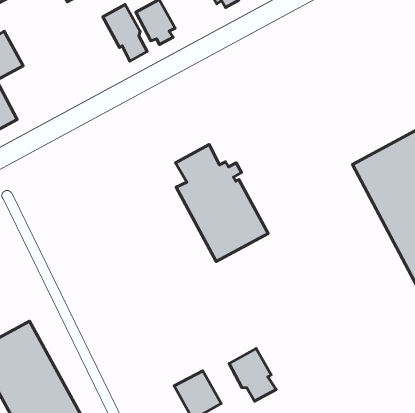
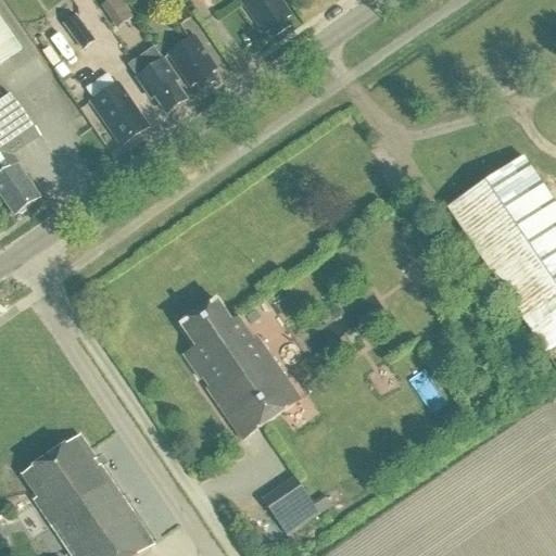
building: none -> [91,79,143,142]
building: [175,145,268,261] -> [180,299,301,438]
building: [229,348,276,401] -> none

